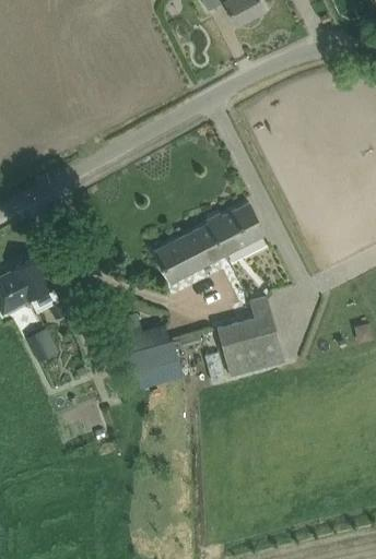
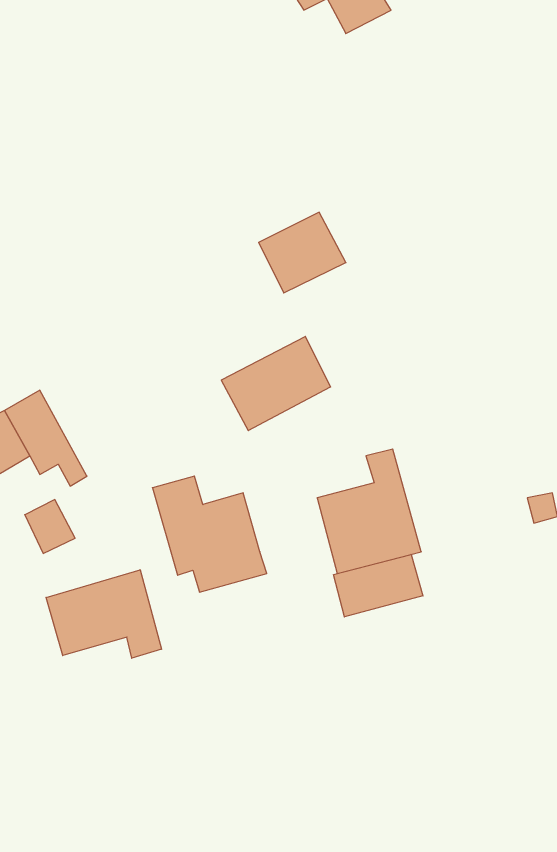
building: [210,202,267,254] -> [259,212,346,293]
building: none -> [334,554,423,617]
building: none -> [46,570,162,658]

